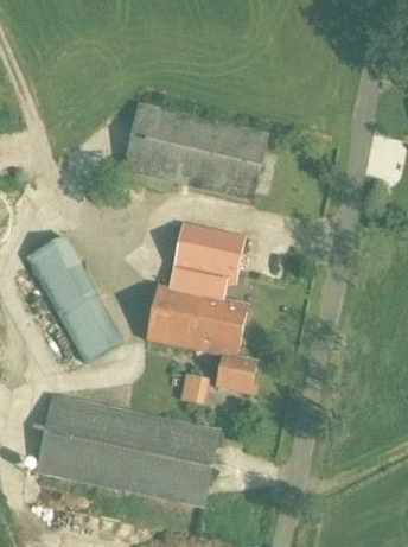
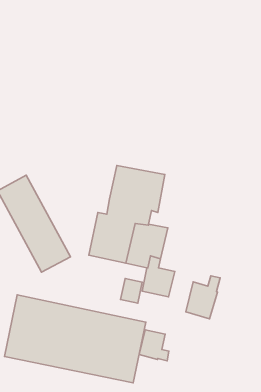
building: [123,101,270,202] -> none
building: none -> [186,276,220,319]
building: none -> [139,330,169,361]

